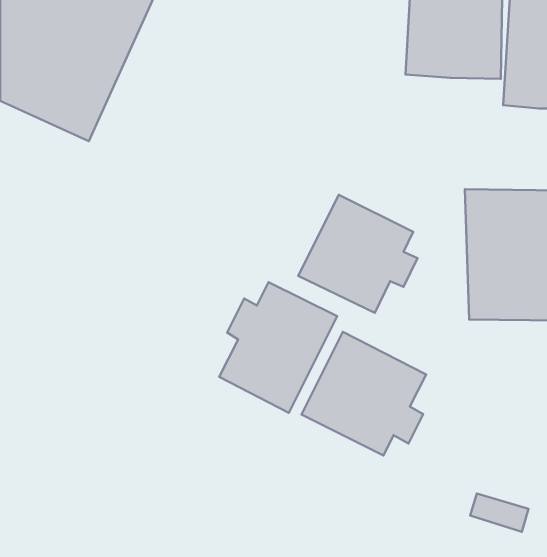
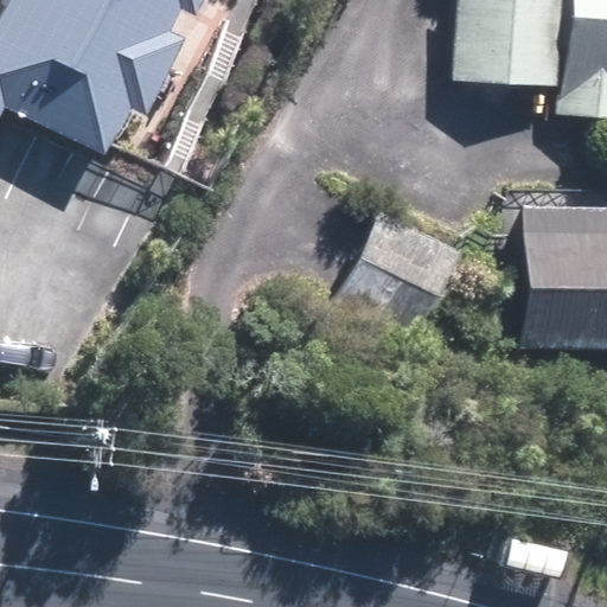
building: [219,282,337,413] -> none
building: [301,332,426,455] -> none

